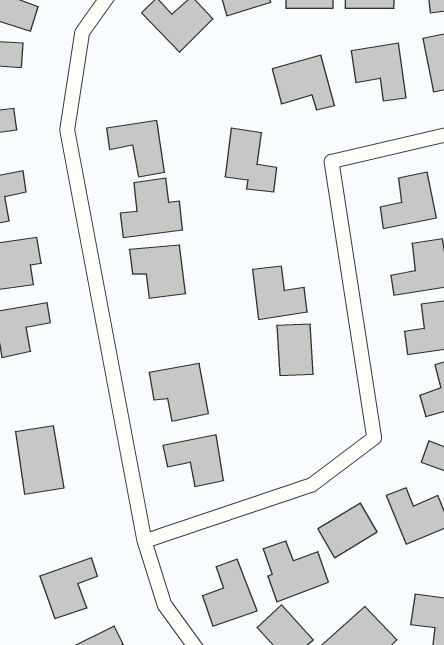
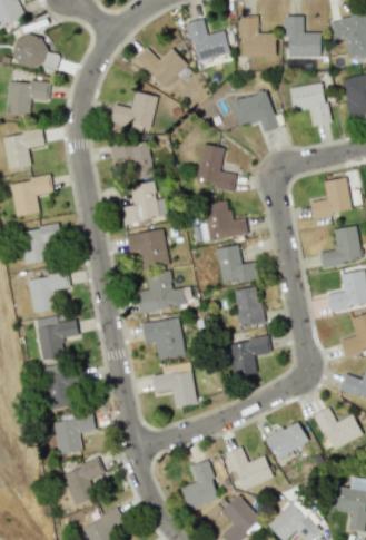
building: none -> [110,91,157,129]
building: none -> [200,200,247,239]
building: none -> [137,271,185,313]
building: none -> [37,317,78,360]
building: none -> [228,337,270,376]
building: none -> [53,415,95,454]

